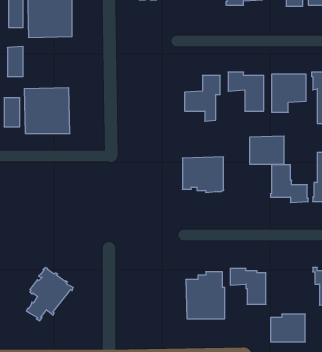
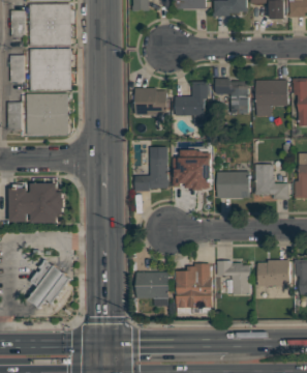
building: none -> [30,49,71,91]
building: none -> [134,88,166,115]
building: [250,136,284,164] -> [217,172,249,198]
building: none -> [134,147,168,192]
building: none -> [9,183,64,224]
building: none -> [136,272,168,306]
building: [271,314,305,342] -> [257,260,289,286]

